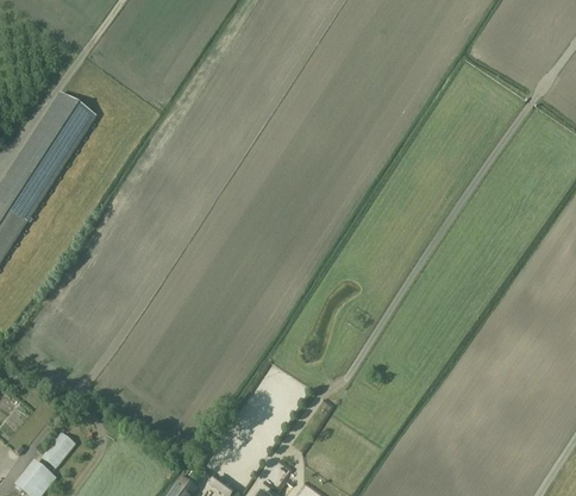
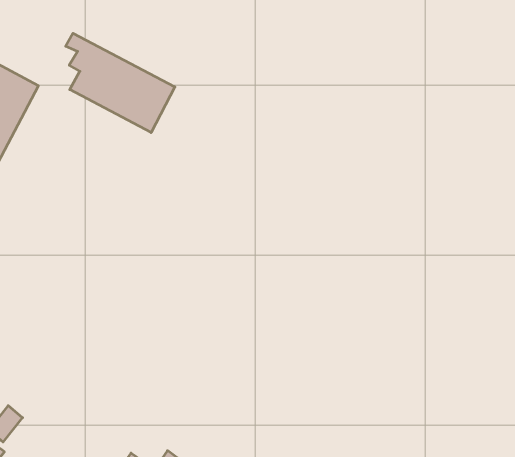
building: none -> [66,33,175,133]

